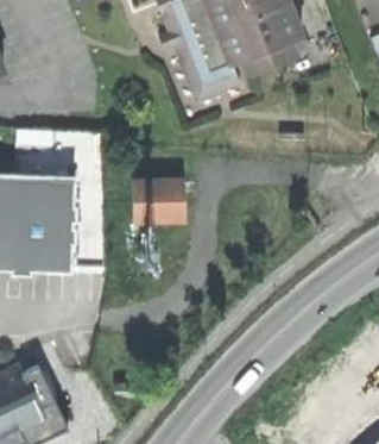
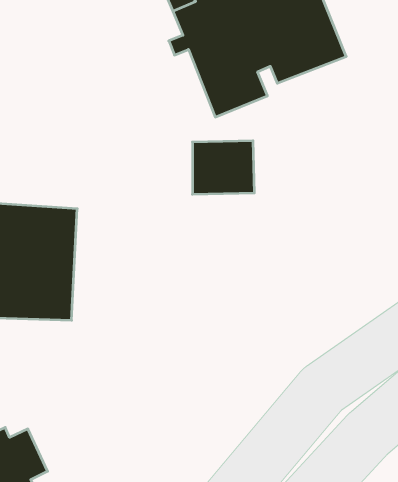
building: [138,181,190,226] -> [192,141,254,194]

